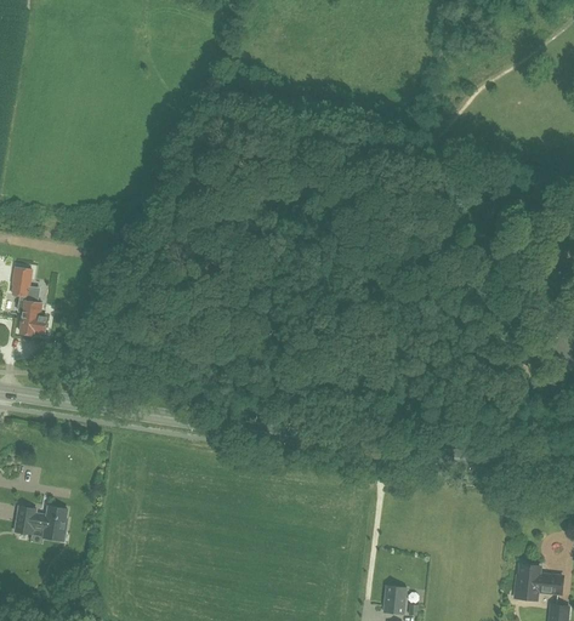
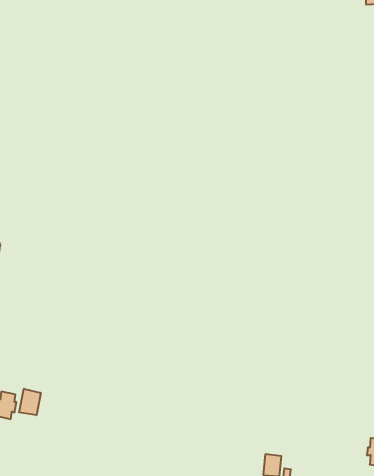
building: none -> [19,389,41,415]

